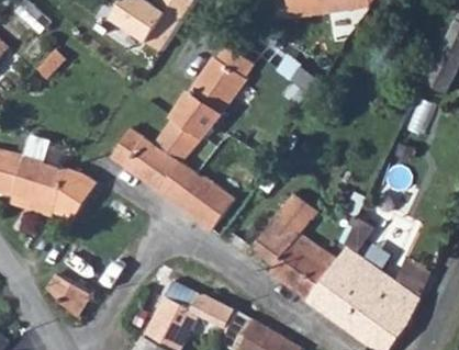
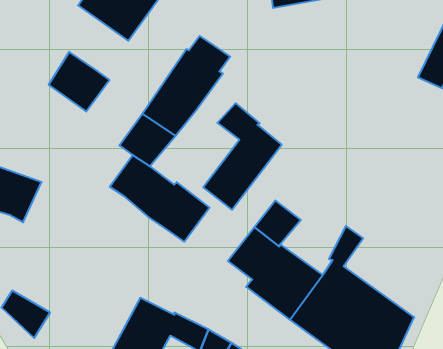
building: none -> [203,103,282,210]
building: [111,127,166,181] -> [49,52,109,112]

